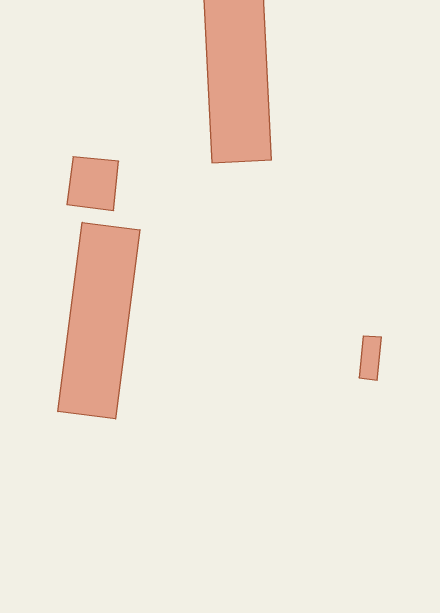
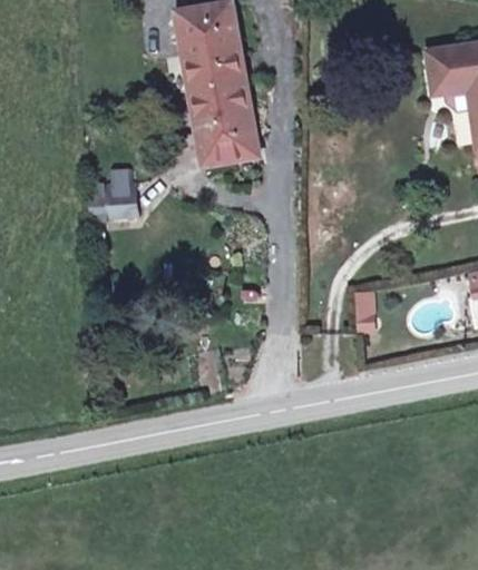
building: [58,222,140,419] -> none

